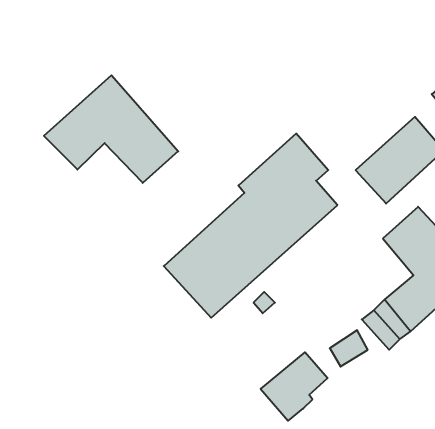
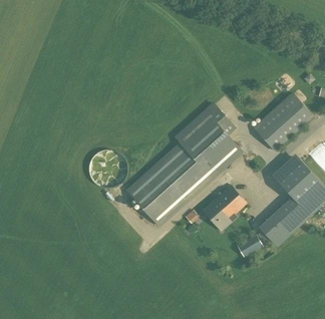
building: [44,75,178,183] -> none
building: [261,352,328,421] -> [201,185,245,230]

